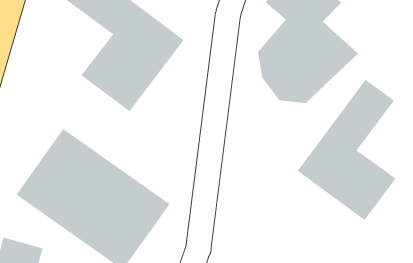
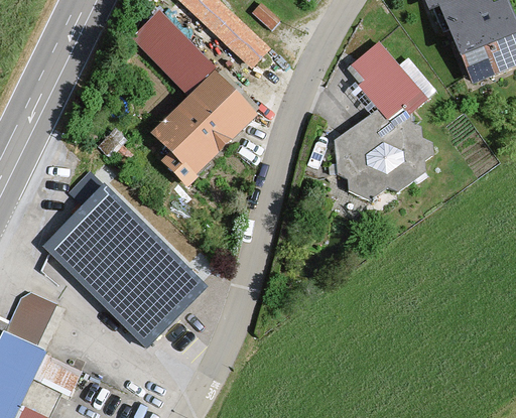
building: [297,79,396,221] -> none

